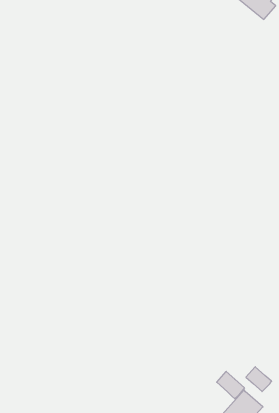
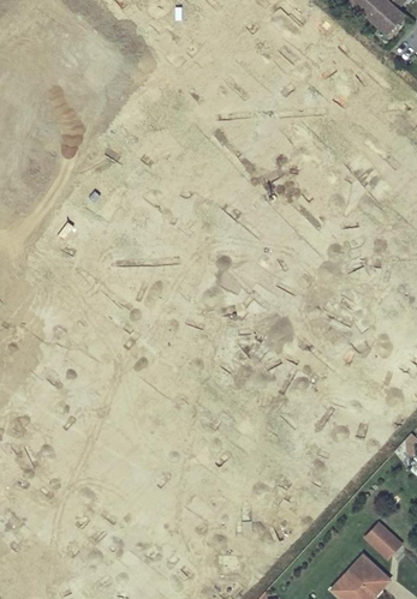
building: [217,371,244,399] -> none

